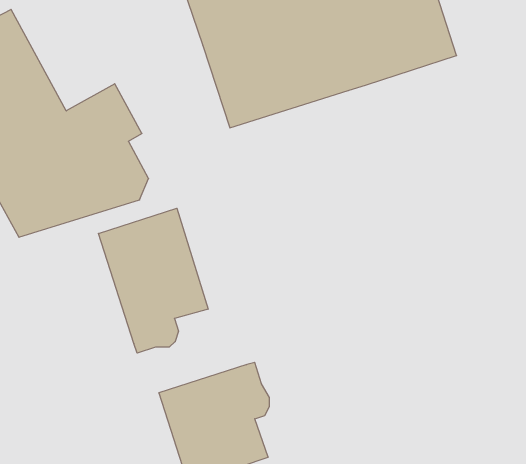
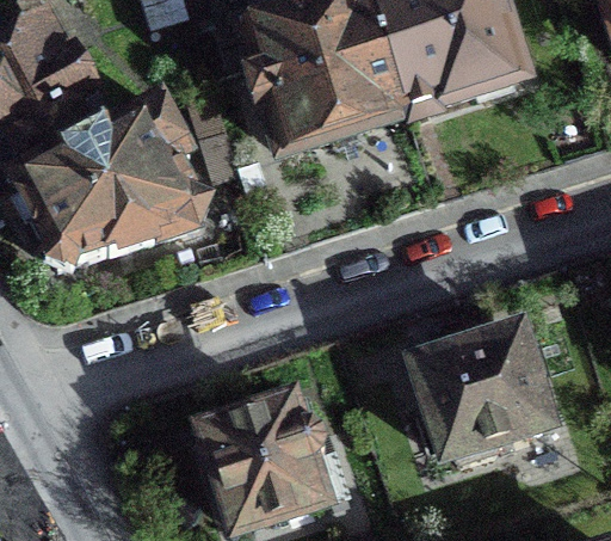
building: [98,208,208,353] -> none
building: none -> [418,322,550,461]

